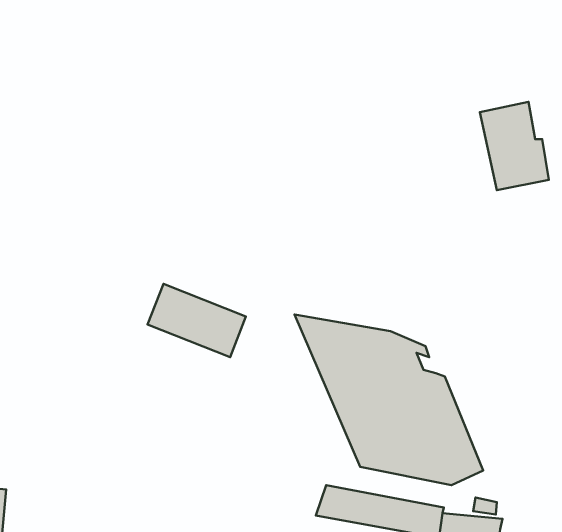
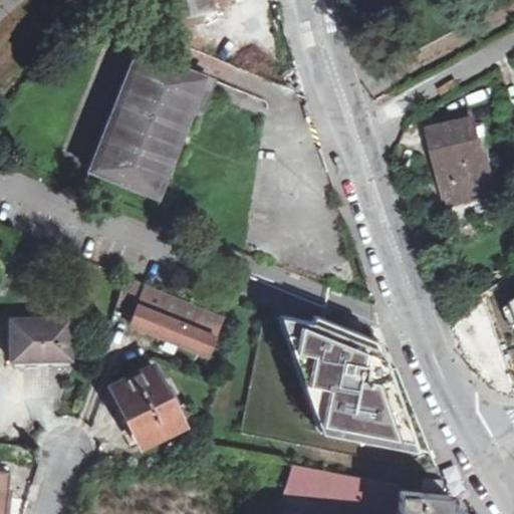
building: none -> [91,50,205,195]
building: none -> [10,321,67,362]
building: none -> [112,368,187,443]

